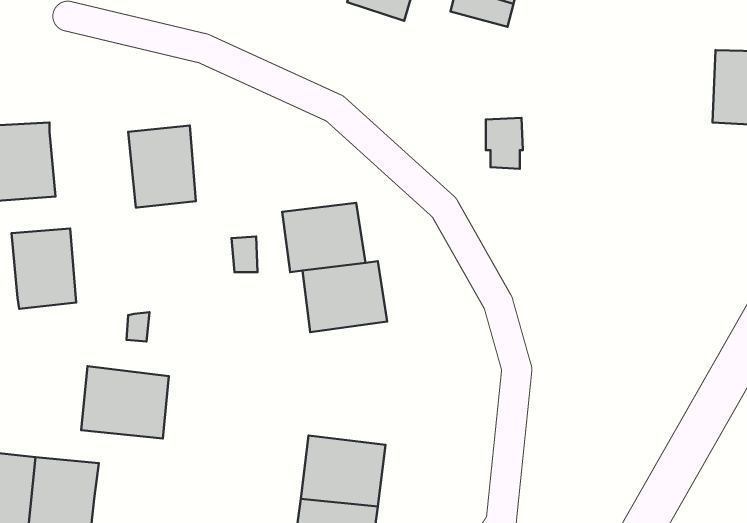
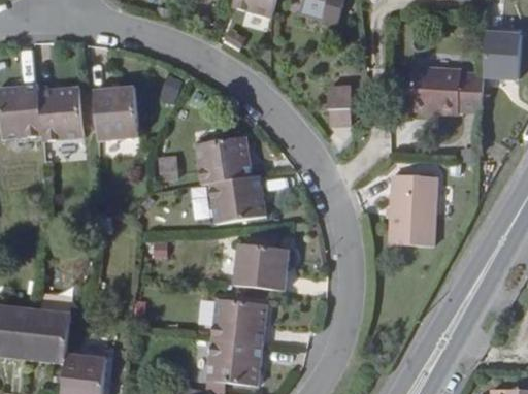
building: none -> [405,78,477,127]
building: [11,229,76,309] -> [39,87,82,140]
building: none -> [381,170,429,241]
building: none -> [233,241,289,287]
building: [81,366,169,438] -> none

